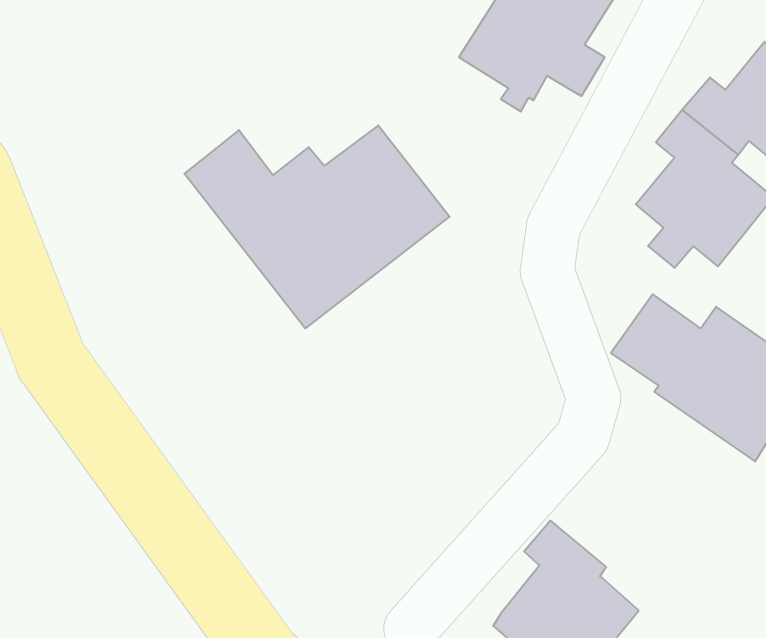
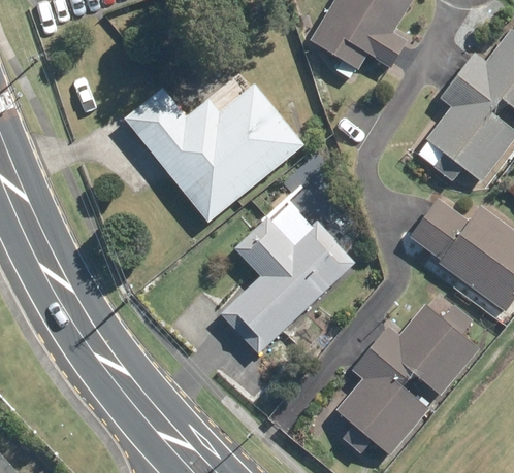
building: none -> [221,218,353,352]
building: none -> [368,305,479,395]

